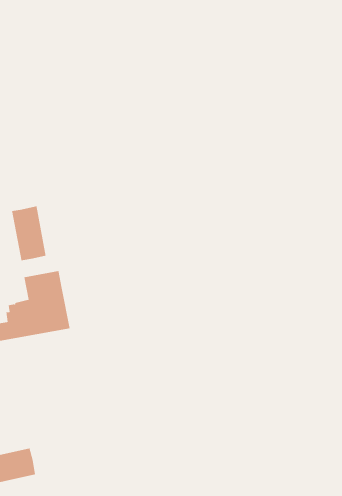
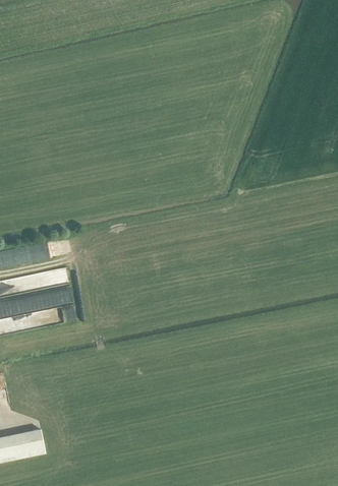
building: [12,206,46,261] -> none

